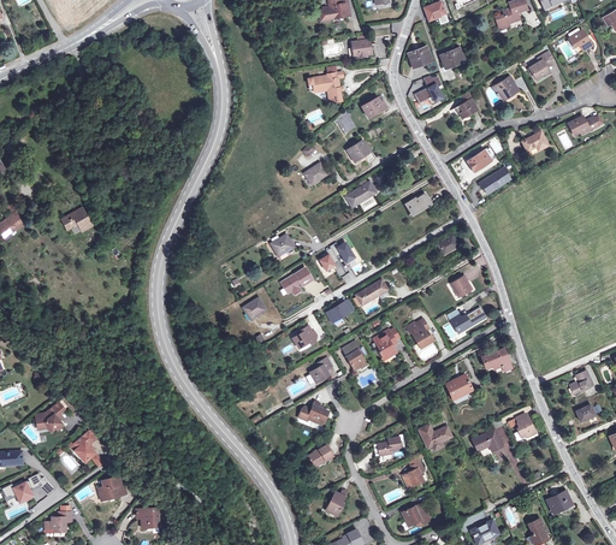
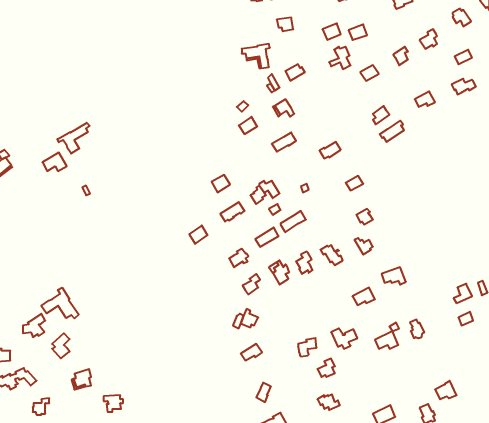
building: none -> [57,123,90,154]
building: none -> [41,288,79,318]

